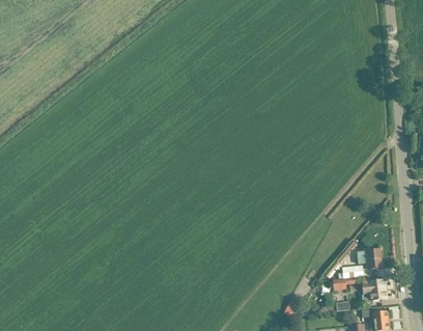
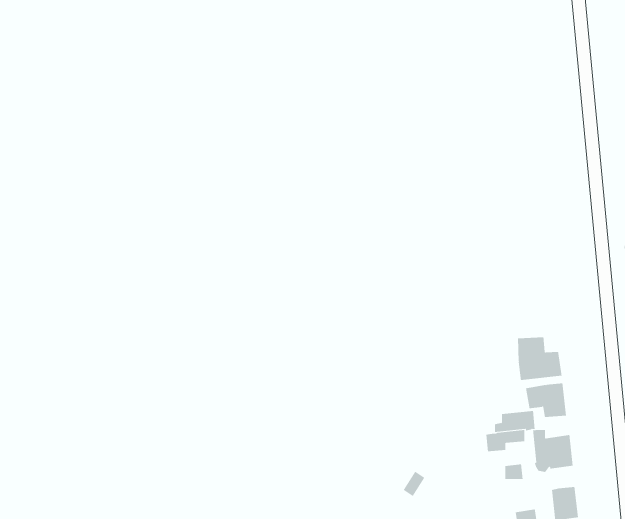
building: none -> [517,336,562,381]

